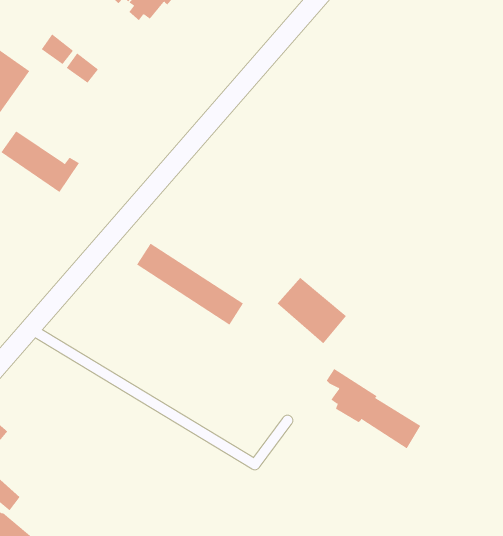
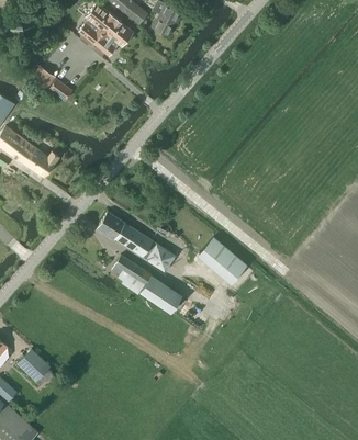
building: [326,368,421,449] -> [115,256,182,313]
building: none -> [18,349,51,381]

